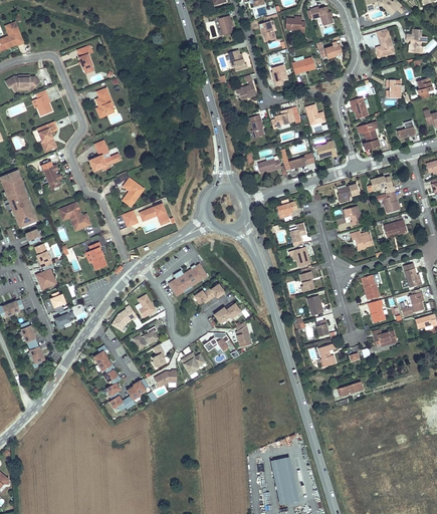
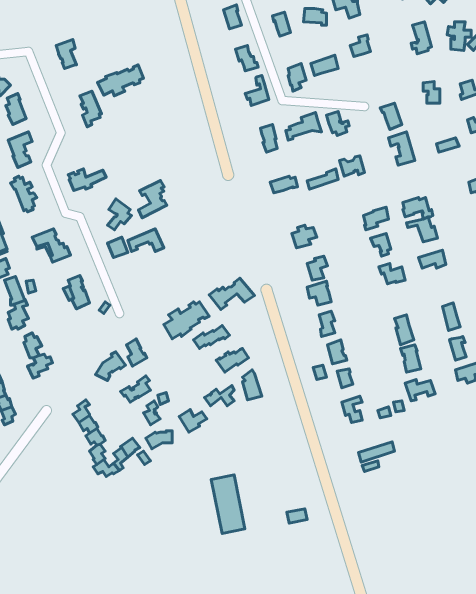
building: none -> [98,65,144,96]
building: none -> [139,180,167,218]
building: none -> [209,278,254,310]
building: [271,455,299,504] -> [211,475,245,533]

